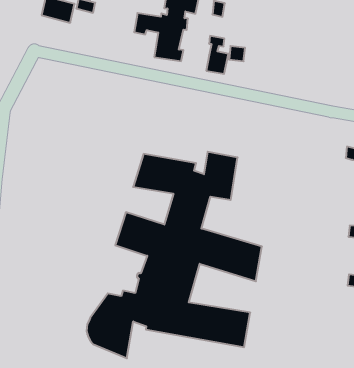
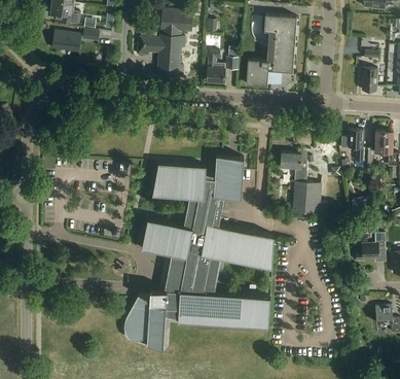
building: none -> [246,15,296,87]
building: none -> [280,149,326,214]

